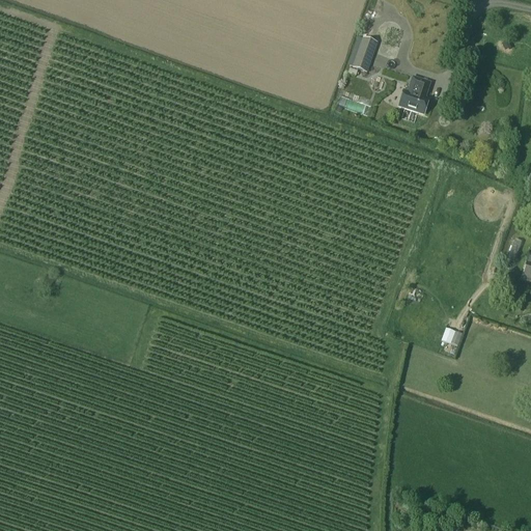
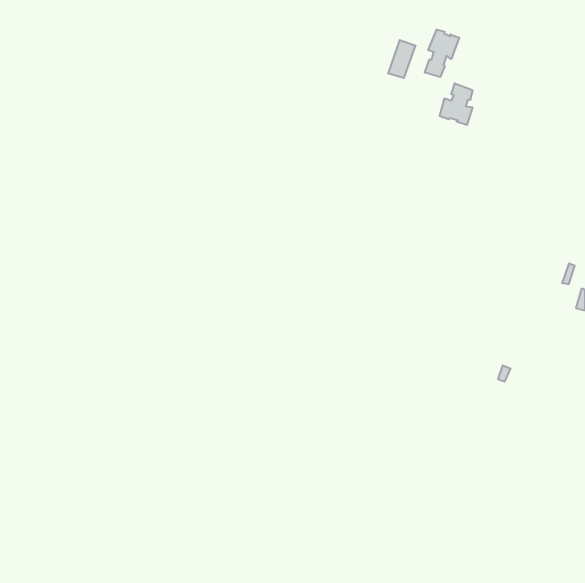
building: none -> [425,29,459,77]

